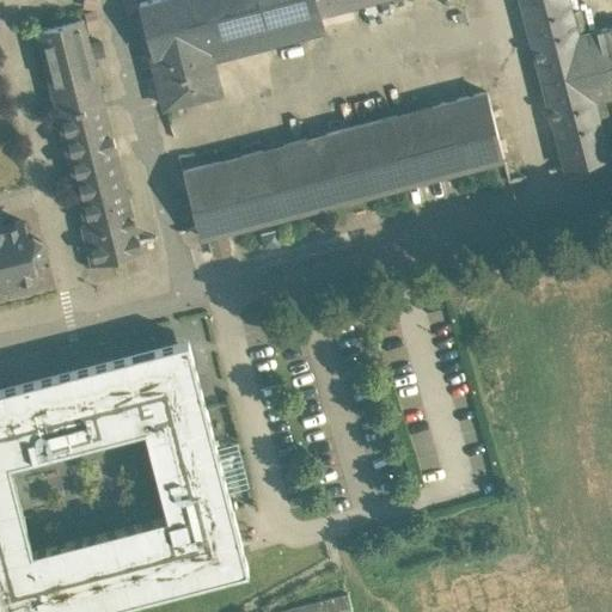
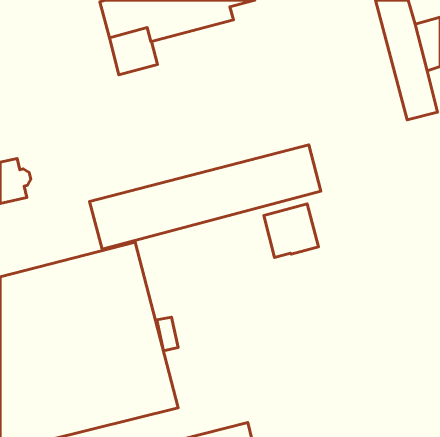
building: [35,22,141,267] -> none
building: [182,94,503,239] -> [89,145,321,249]
building: none -> [264,204,318,258]

